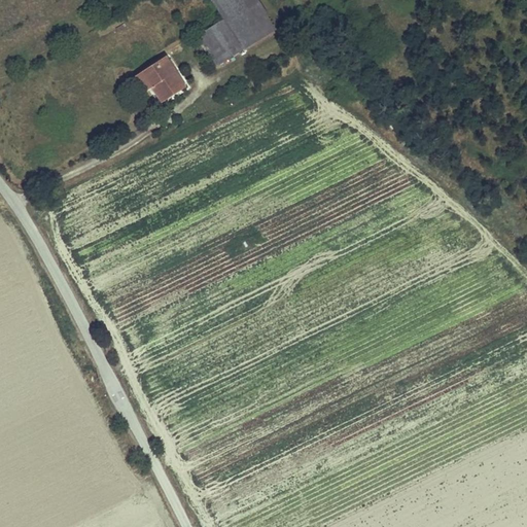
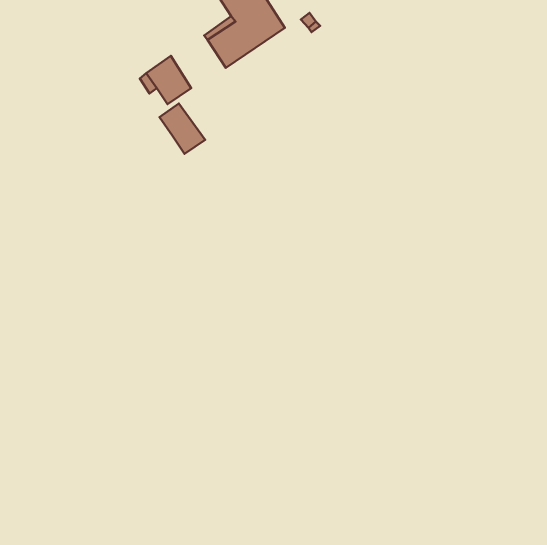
building: none -> [159,104,205,154]

